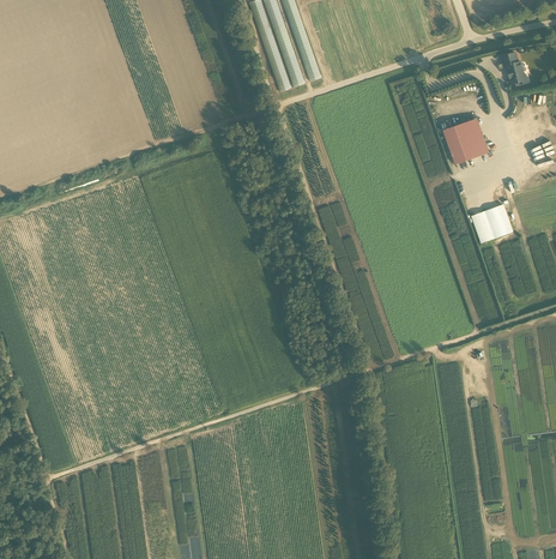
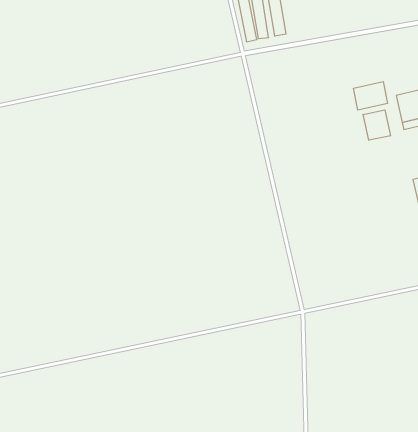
building: none -> [353,82,388,110]
building: none -> [363,110,390,140]

